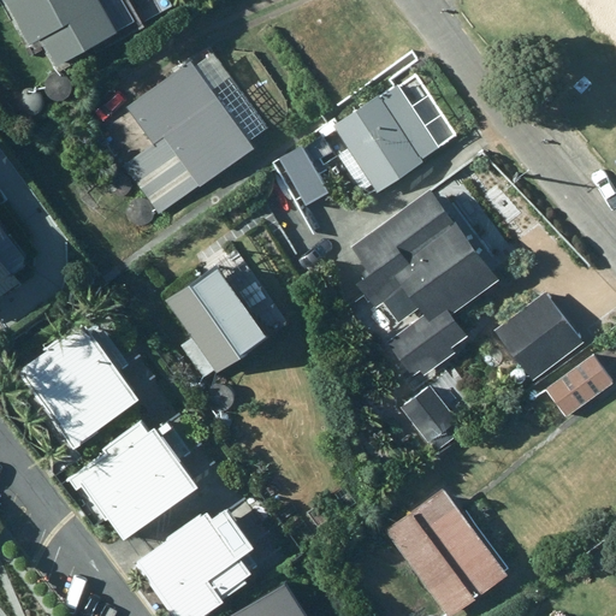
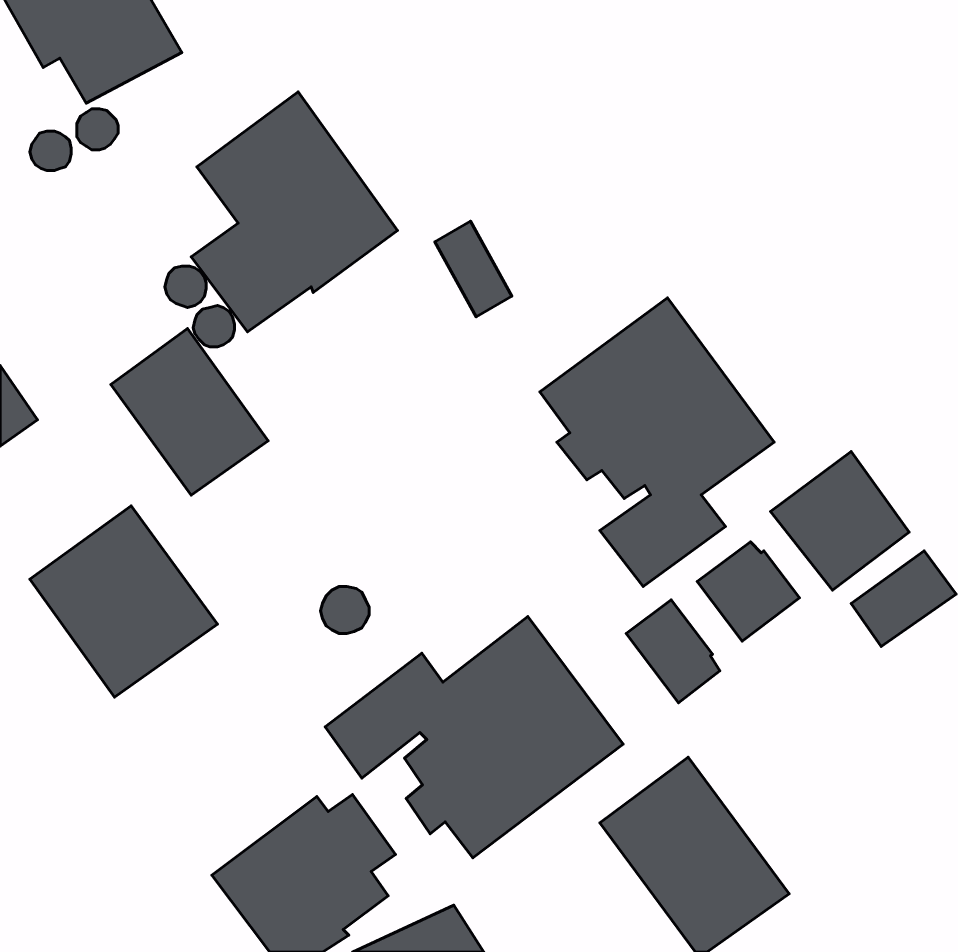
building: [333,85,438,191] -> none
building: [166,265,267,372] -> [111,328,268,495]
building: none -> [697,542,799,641]
building: none -> [325,617,623,858]
building: [70,424,199,541] -> none

